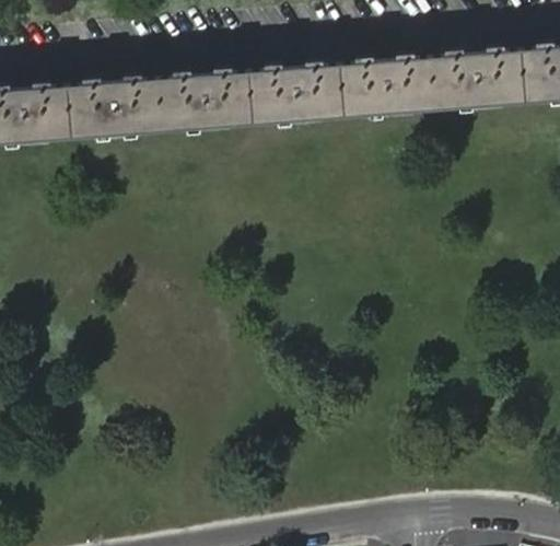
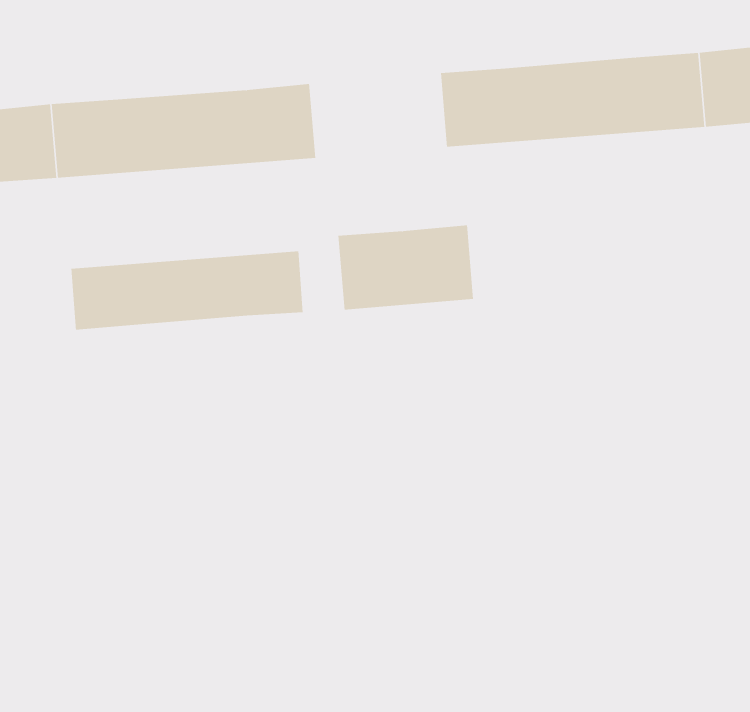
building: [244,63,340,124] -> [337,225,474,310]
building: none -> [71,250,303,331]

